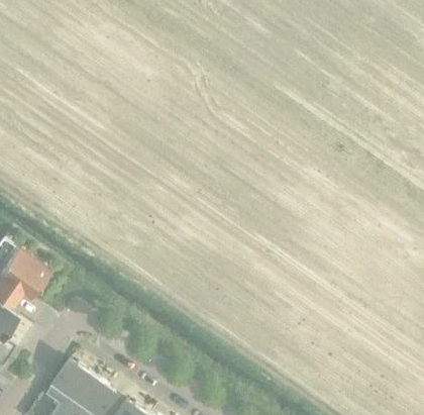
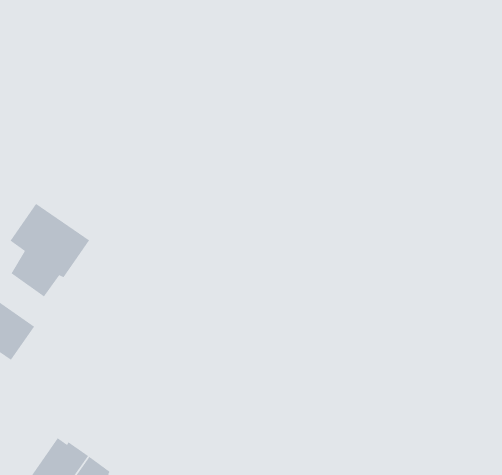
building: none -> [10,203,90,298]

